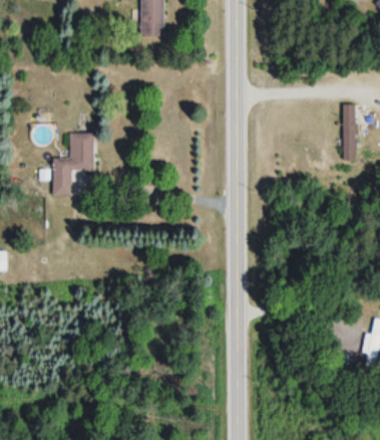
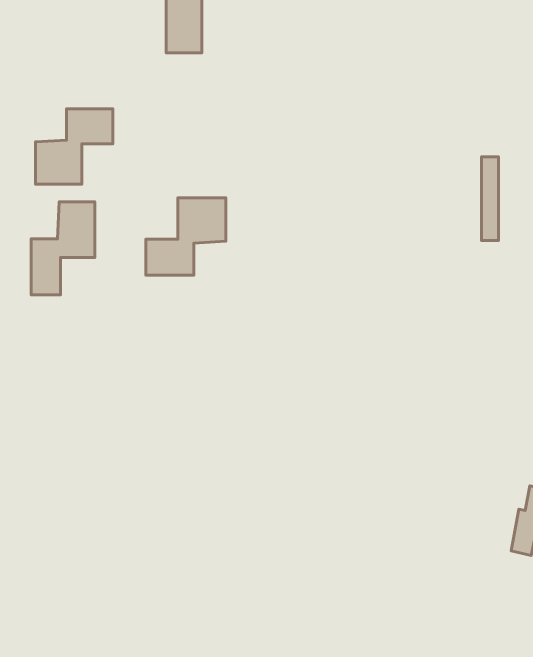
building: none -> [36,109,113,184]
building: none -> [146,198,226,275]

